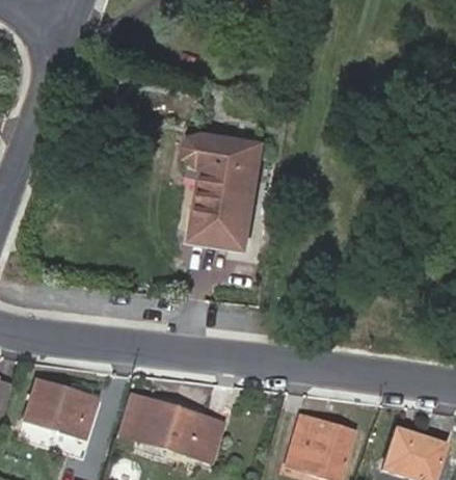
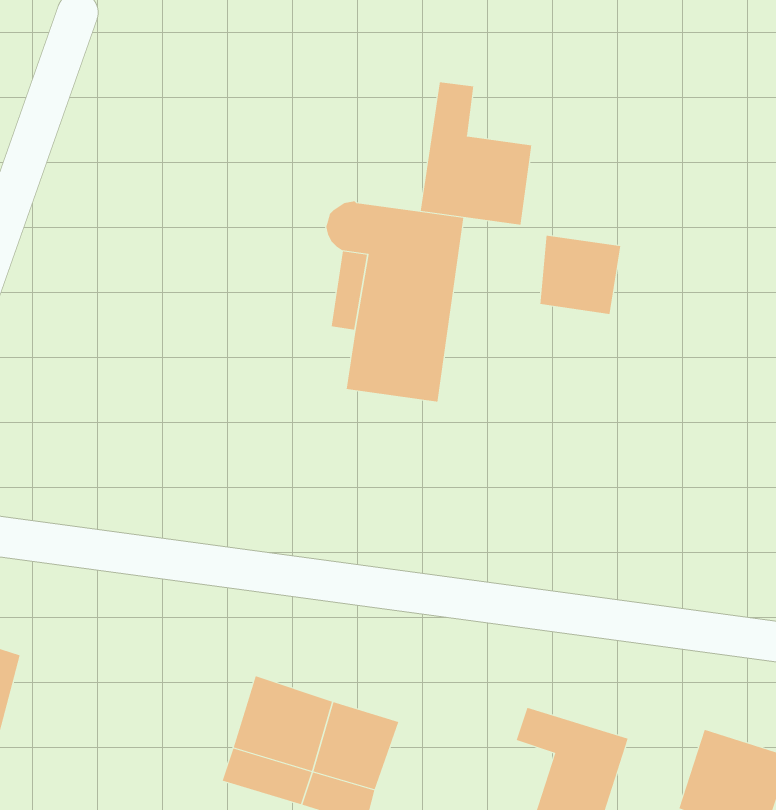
building: none -> [420,82,532,225]
building: none -> [540,235,621,315]
building: [27,381,93,431] -> none

